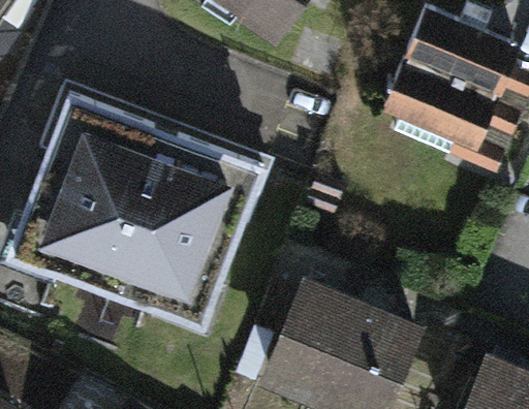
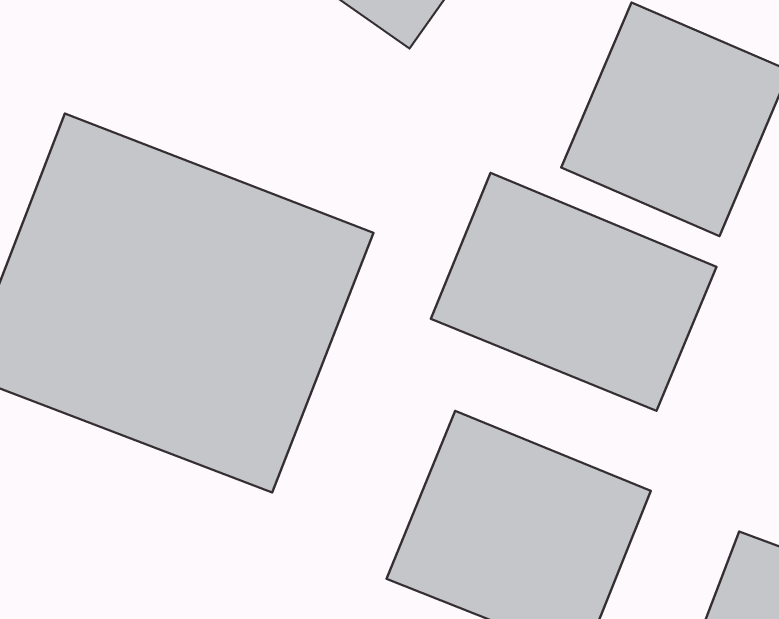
building: none -> [431,173,716,411]

